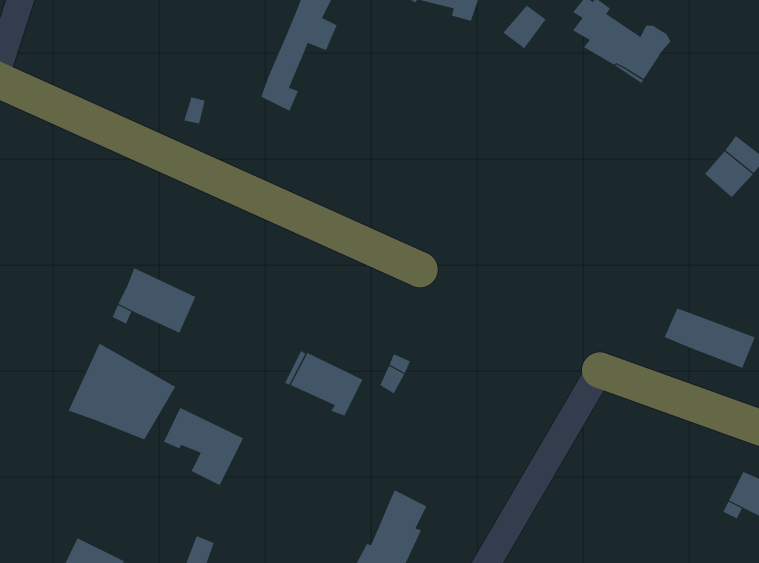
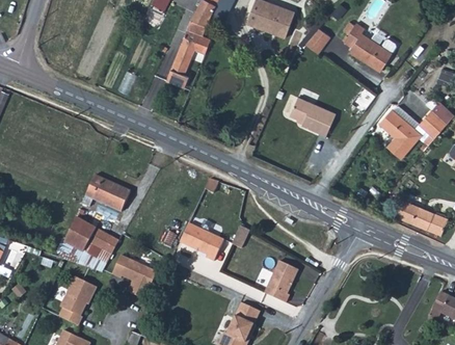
building: none -> [291,96,336,134]
building: none -> [381,110,420,157]
building: none -> [264,259,298,300]
building: none -> [57,275,96,324]

